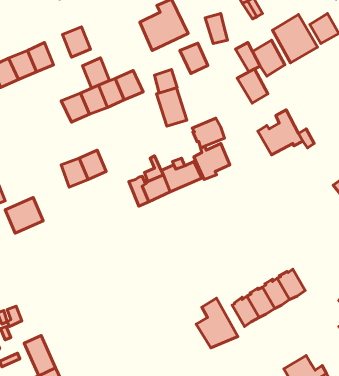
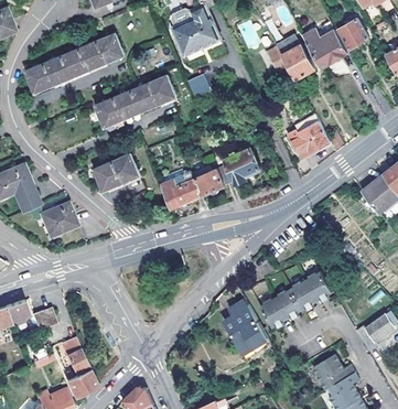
building: [180,43,208,74] -> none
building: [82,58,109,88] -> [77,41,104,71]
building: [237,69,268,103] -> none
building: [157,88,187,126] -> none
building: [192,118,224,148] -> none

